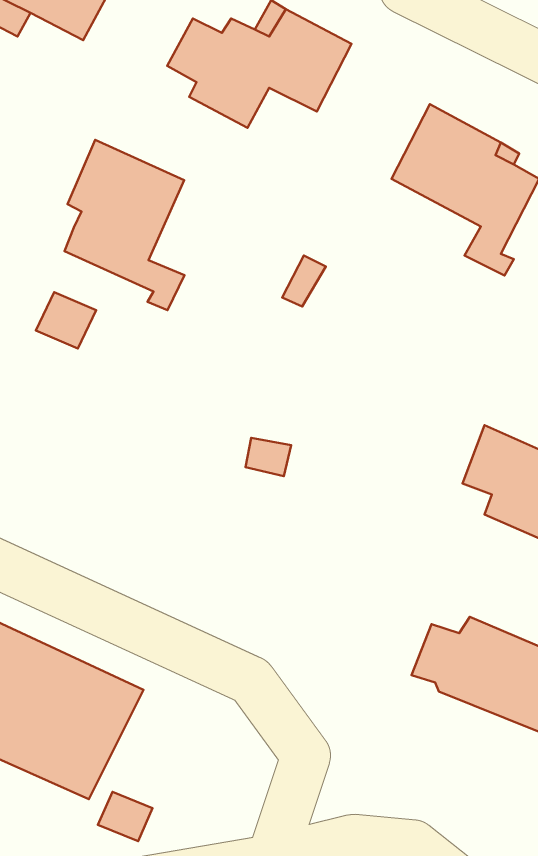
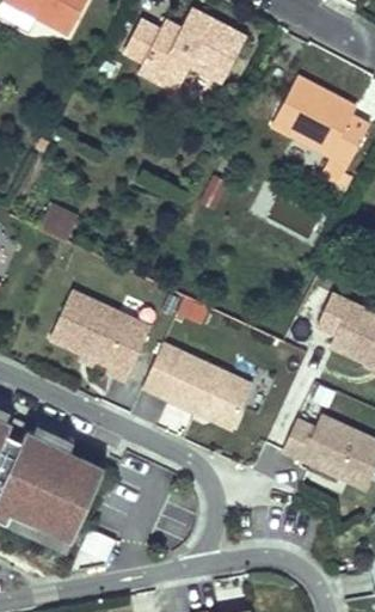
building: [65,140,184,310] -> none
building: none -> [49,288,148,380]
building: none -> [141,342,252,430]

